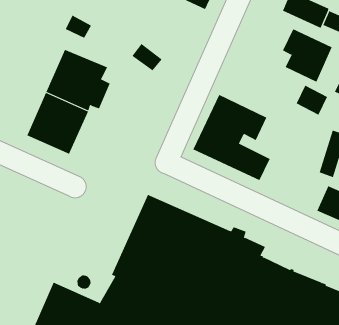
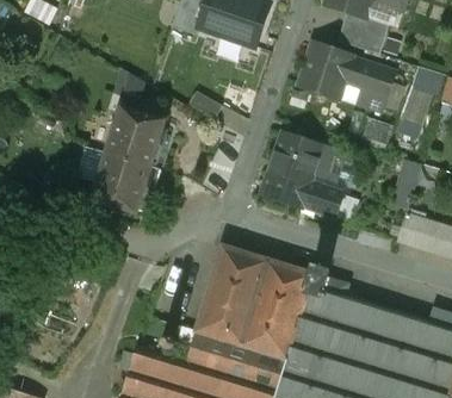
building: none -> [299,43,351,98]

